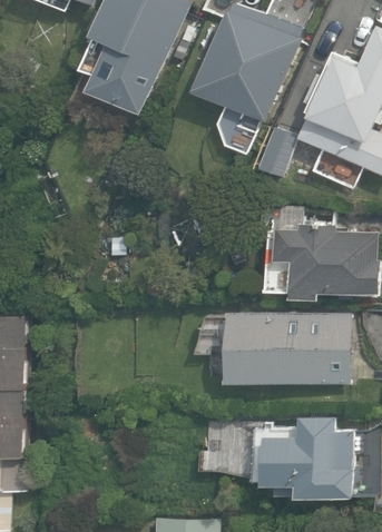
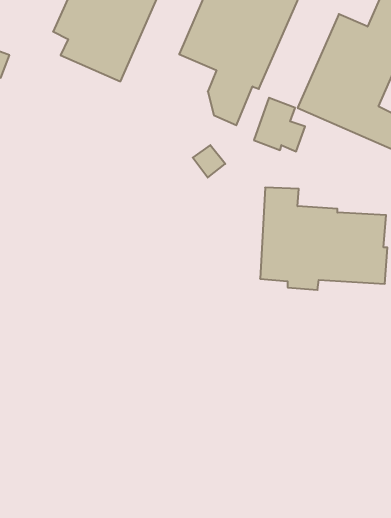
building: [193,313,350,385] -> none
building: [248,417,350,499] -> none

